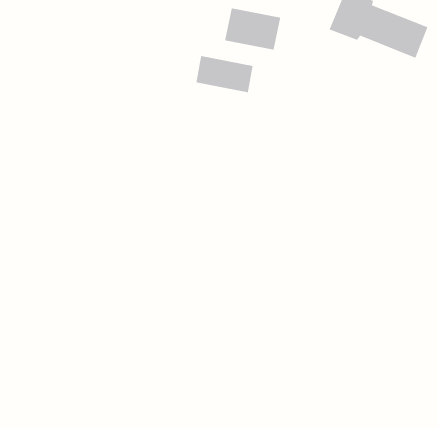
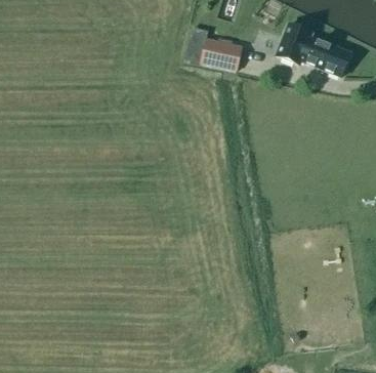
building: [196,55,253,93] -> none

